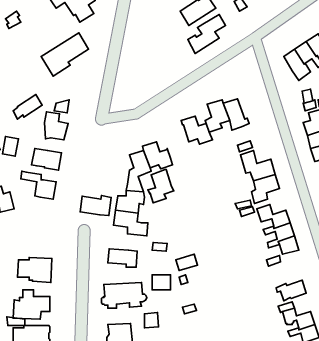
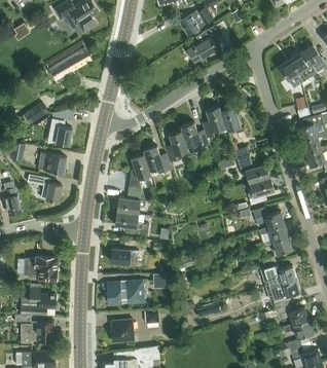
building: [148,169,174,203] -> [166,131,190,162]
building: [80,196,111,215] -> none
building: none -> [260,263,296,287]

